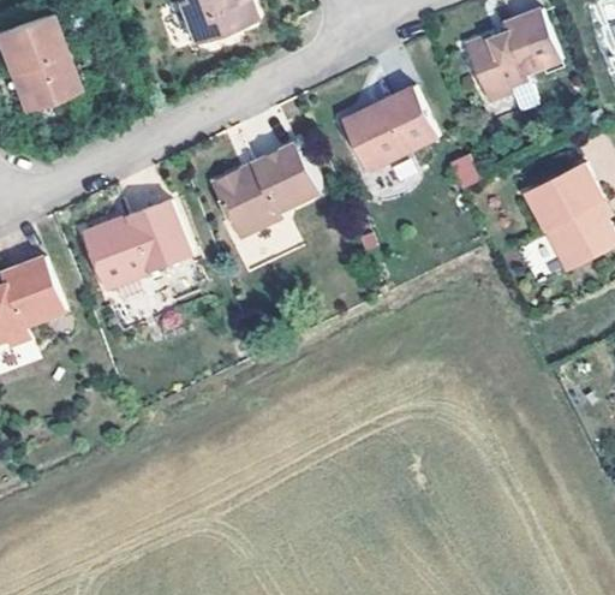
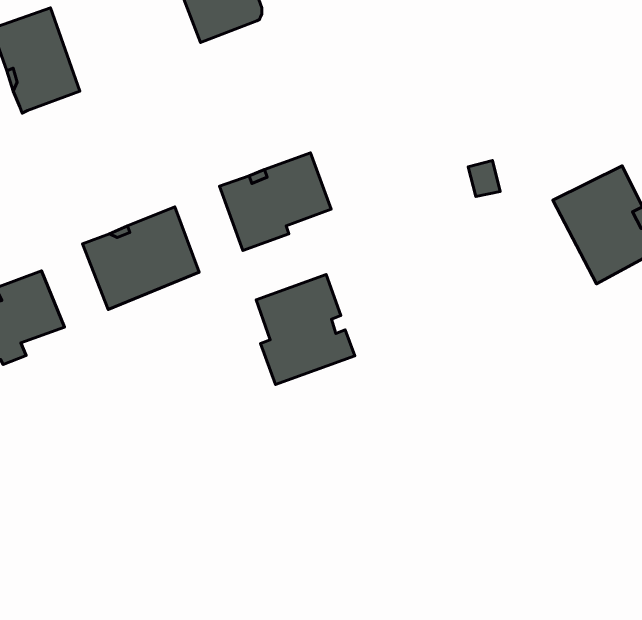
building: [468,13,559,102] -> none
building: [345,96,438,177] -> none
building: none -> [256,275,355,385]

